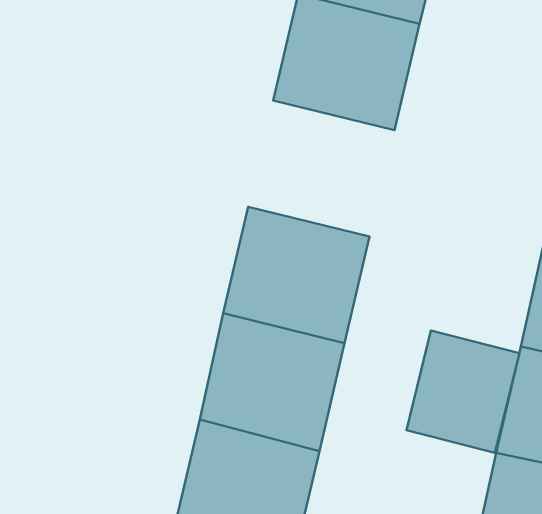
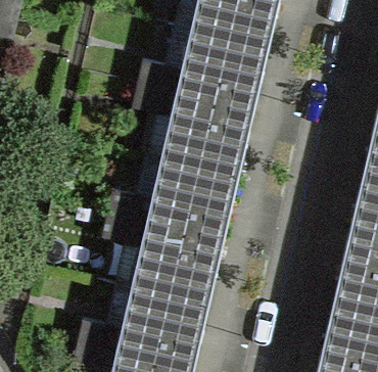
building: none -> [173,88,263,172]
building: [406,330,519,453] -> none

